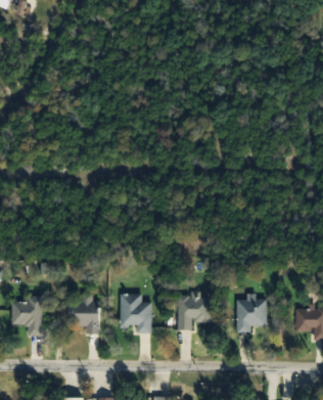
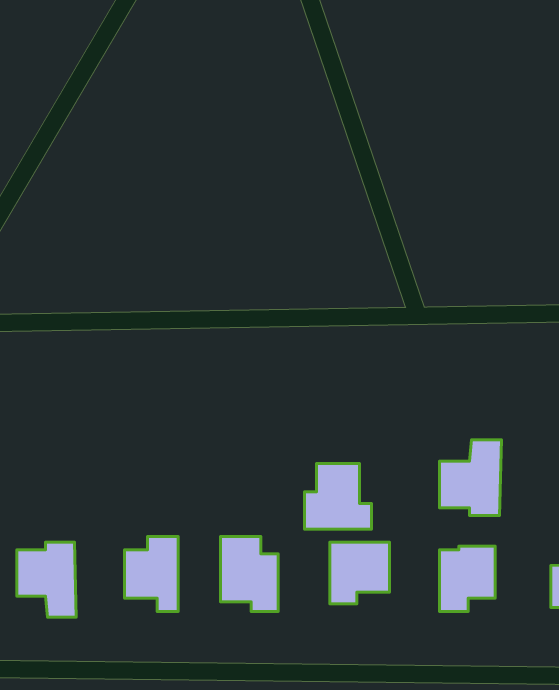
building: none -> [439,440,502,516]
building: none -> [305,464,371,529]

